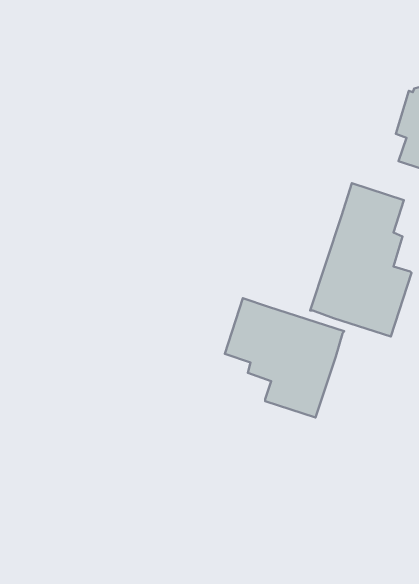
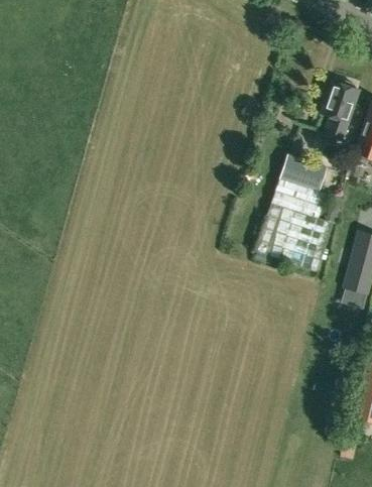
building: [225,298,344,418] -> none

